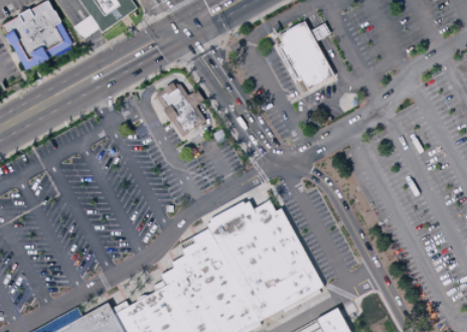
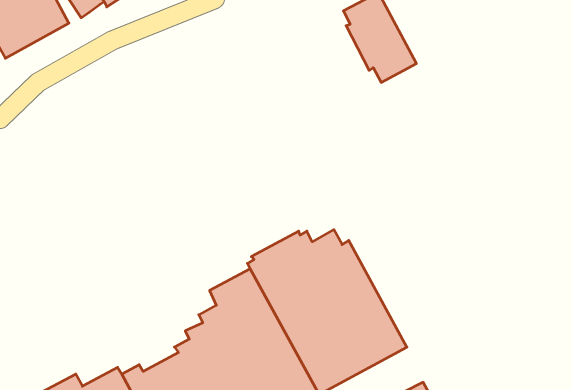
building: [154,82,206,138] -> none

